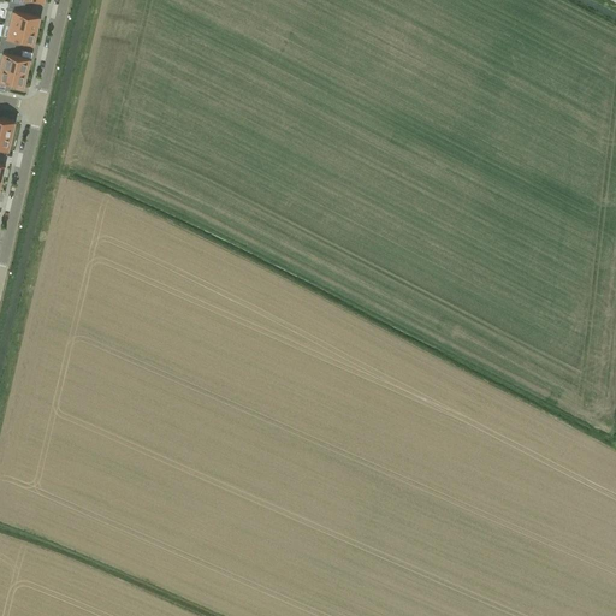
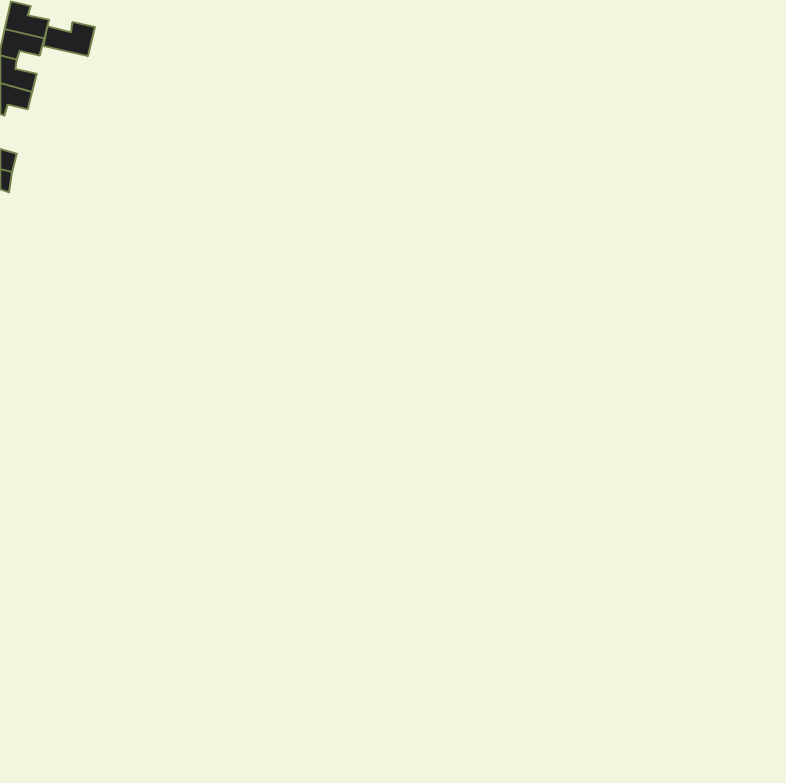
building: none -> [43,22,95,56]

